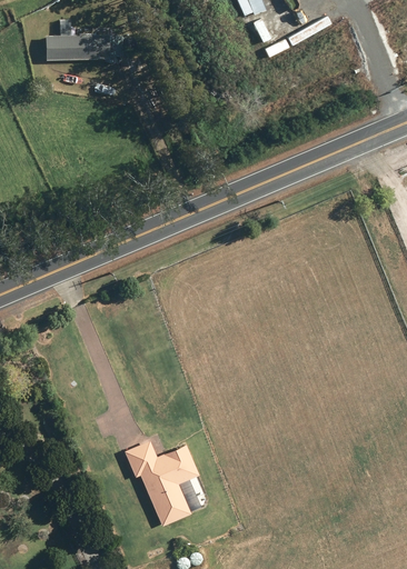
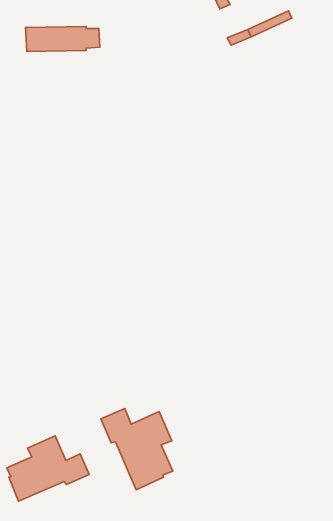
building: none -> [7,436,89,501]

